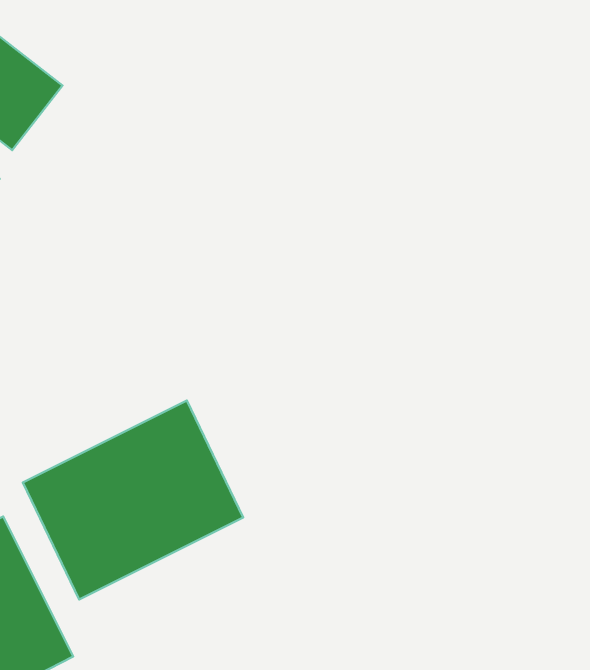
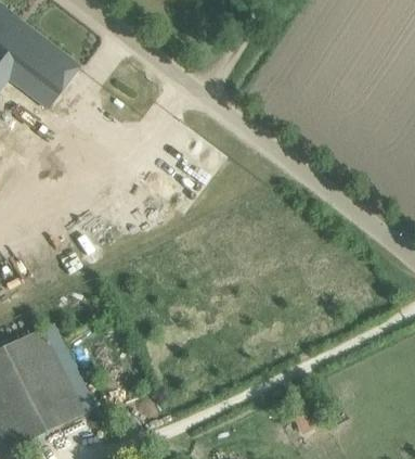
building: [23,401,243,599] -> none

